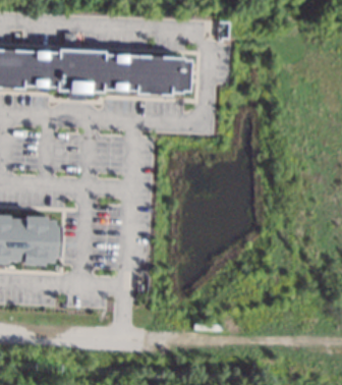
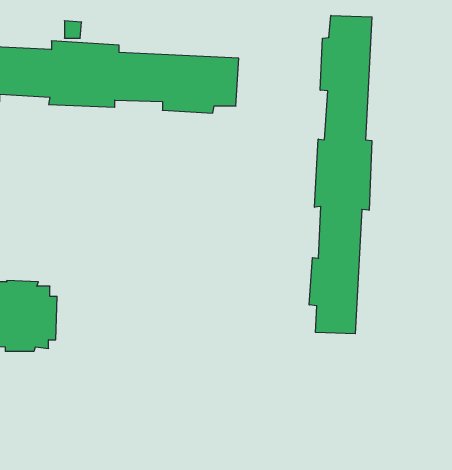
building: none -> [309,15,372,334]

